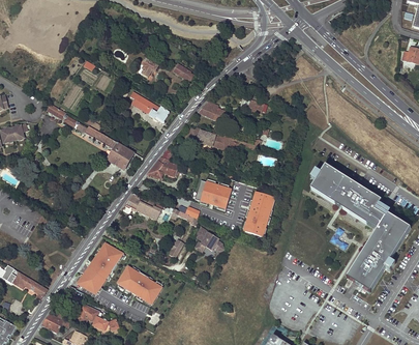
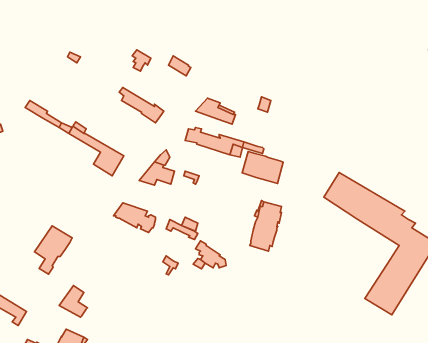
building: [194,179,231,207] -> [242,152,283,183]
building: [89,242,122,285] -> [34,226,72,274]
building: [116,265,161,304] -> none

